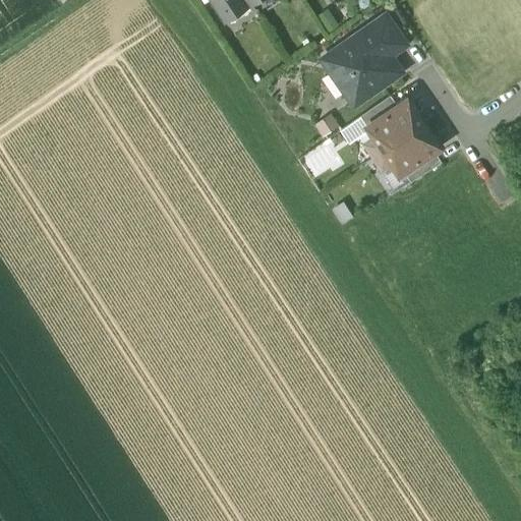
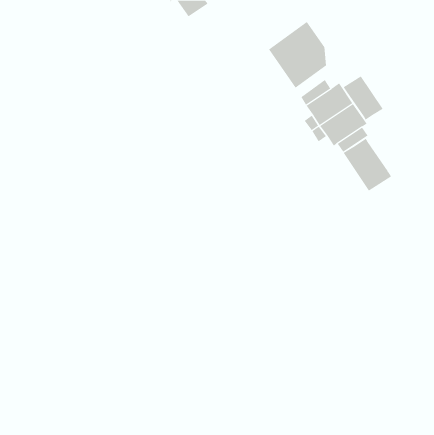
building: [367,14,405,56] -> none
building: none -> [343,75,383,121]
building: none -> [343,138,392,191]

